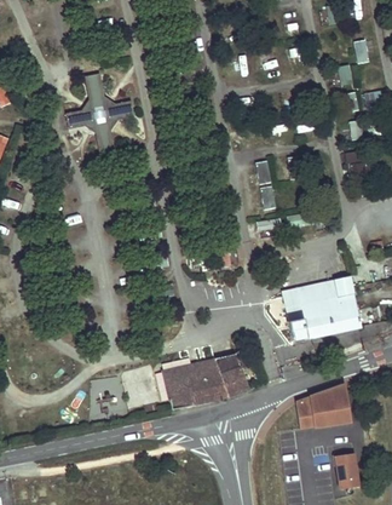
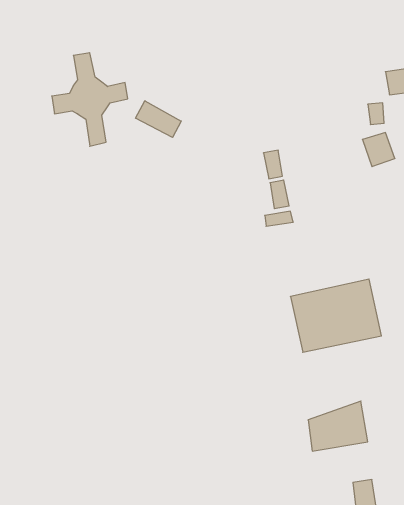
building: none -> [136,101,181,137]
building: [165,354,248,409] -> none

